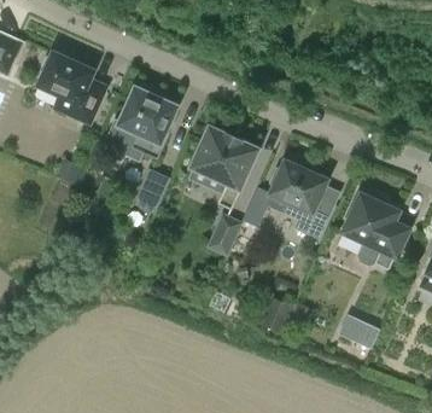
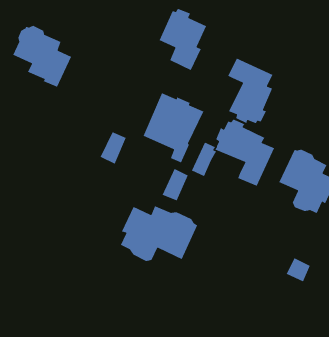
building: [118,87,174,159] -> [159,8,207,71]
building: none -> [227,57,274,124]
building: none -> [120,205,198,262]

